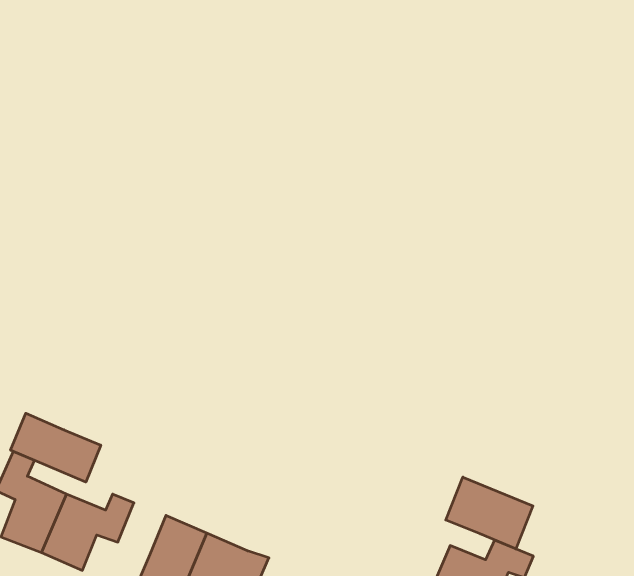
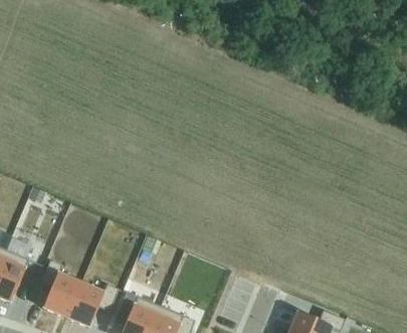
building: [11,413,101,482] -> none
building: [446,477,533,549] -> none

